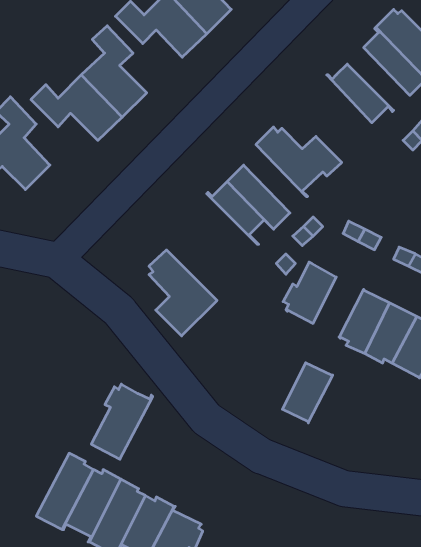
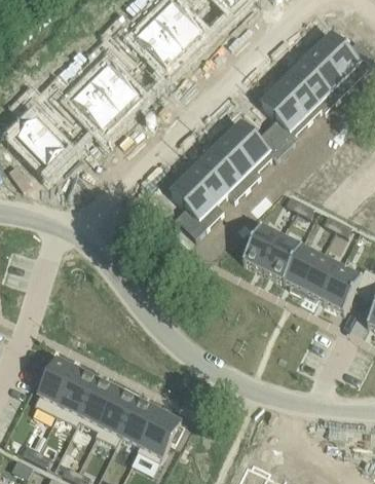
building: none -> [289,62,336,109]
building: none -> [260,82,307,148]
building: none -> [211,135,258,186]
building: [149,250,217,336] -> [170,172,221,236]
building: [282,363,333,423] -> [263,234,301,280]
building: [91,384,153,459] -> [33,358,79,414]

